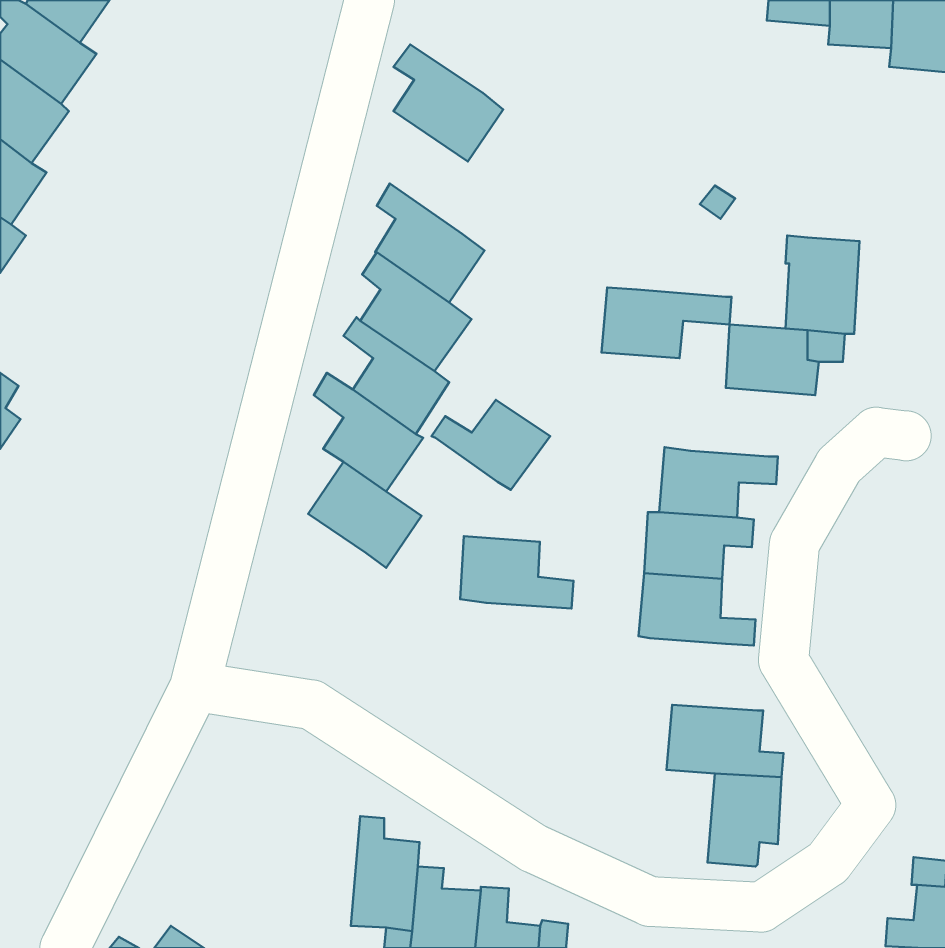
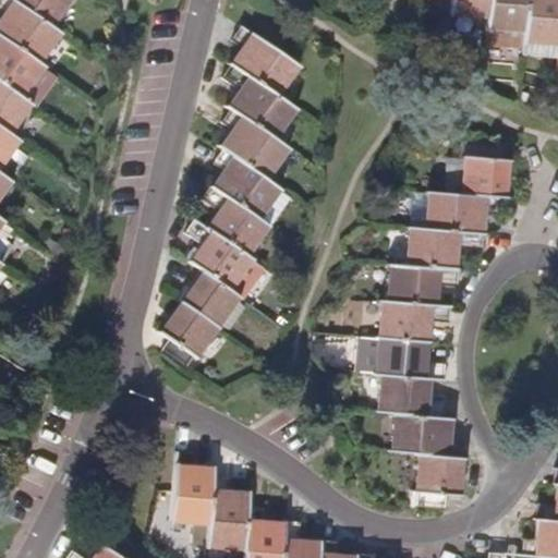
building: none -> [223,64,294,137]
building: [602,288,731,358] -> [408,227,484,268]
building: [431,400,550,490] -> none
building: none -> [161,302,217,369]
building: [460,536,573,609] -> [381,375,448,417]
building: none -> [173,453,214,547]

